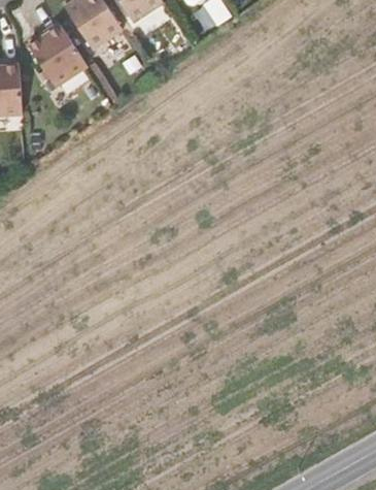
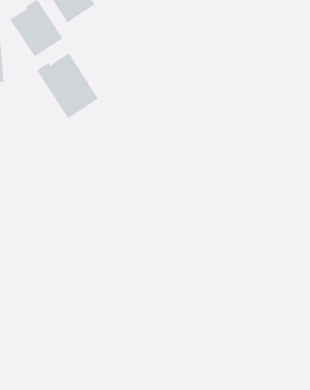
building: none -> [36,52,99,119]

